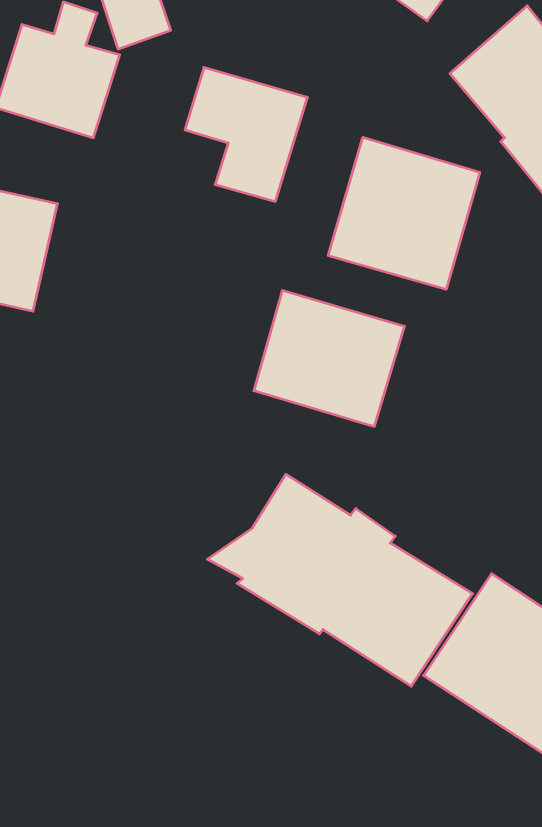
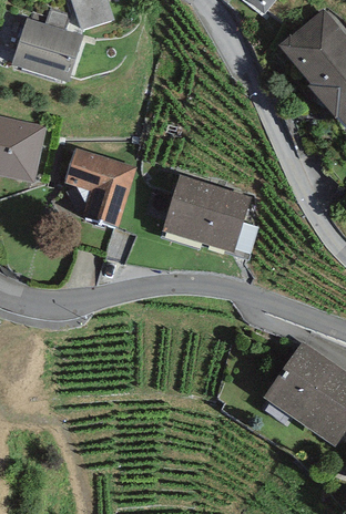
building: [185,67,308,201] -> [64,147,136,226]
building: [328,137,480,289] -> none
building: [207,474,473,686] -> none

